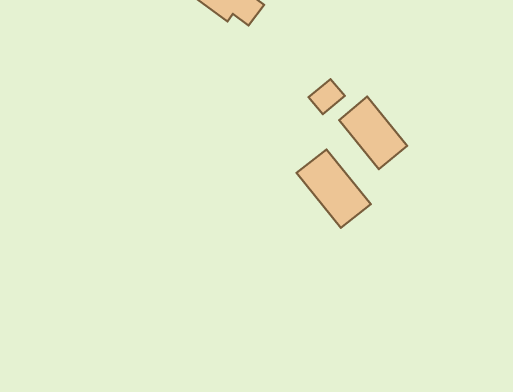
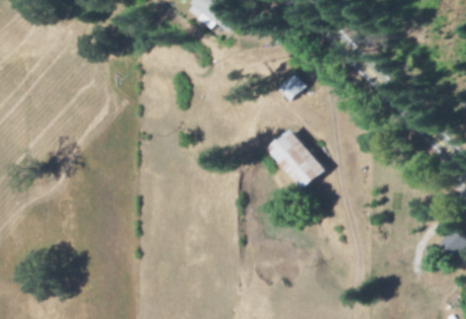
building: [339,97,407,169] -> none

